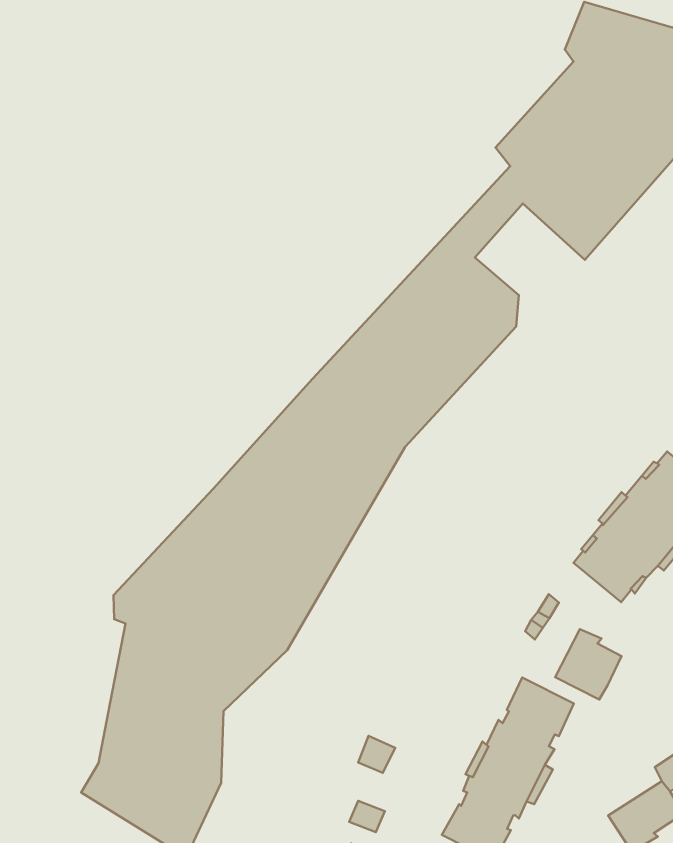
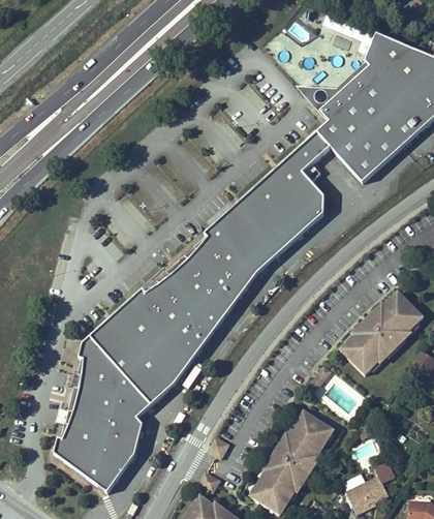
building: [555,629,622,700] -> none

